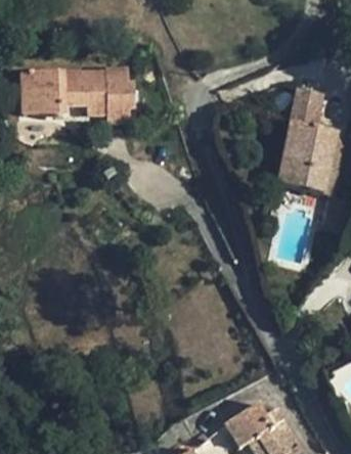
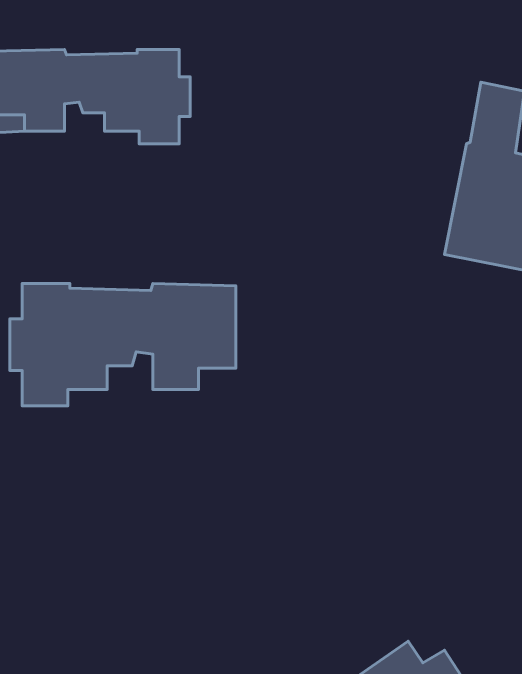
building: none -> [10,284,236,406]

